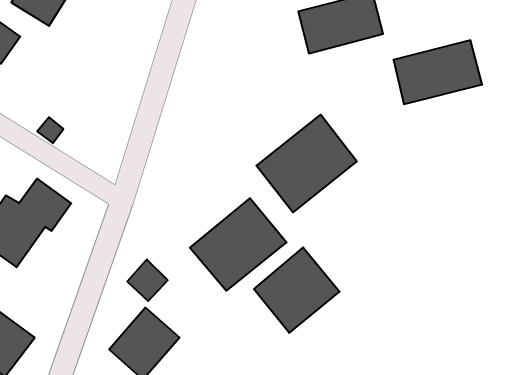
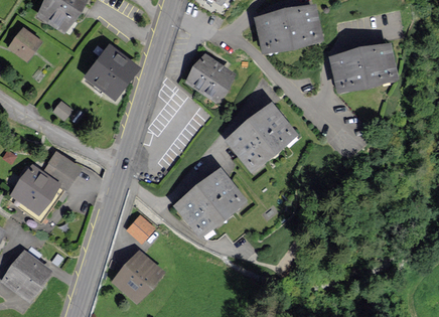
building: none -> [81,42,140,102]
building: none -> [184,51,241,106]
building: [254,247,340,333] -> none

